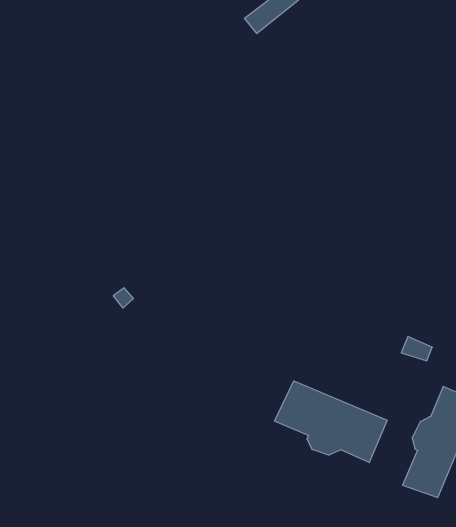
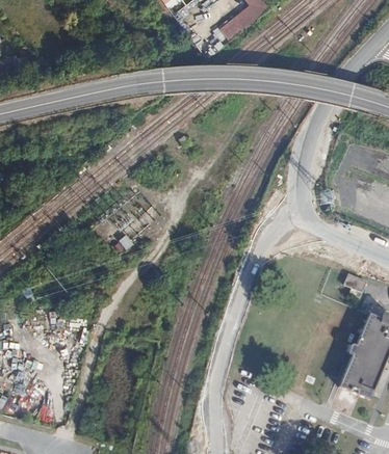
building: [274,381,387,463] -> none

